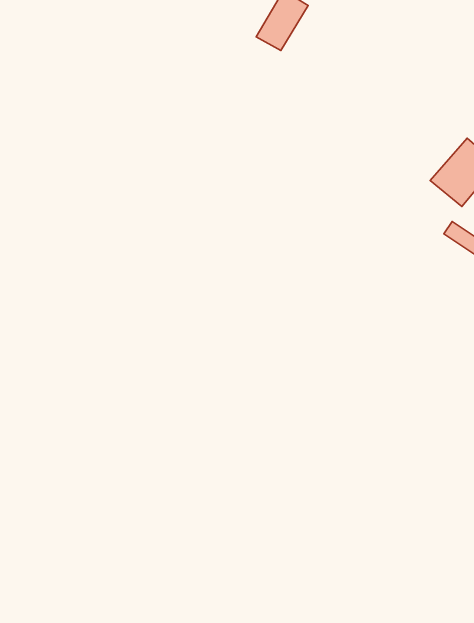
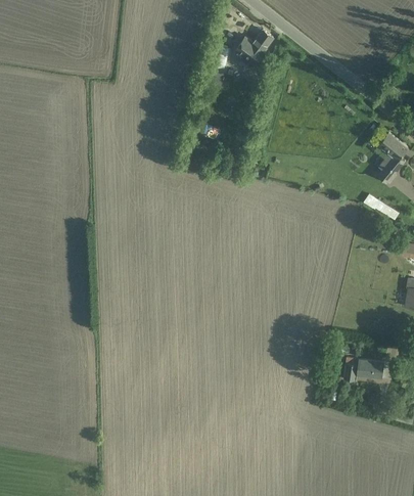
building: none -> [341,357,382,381]

